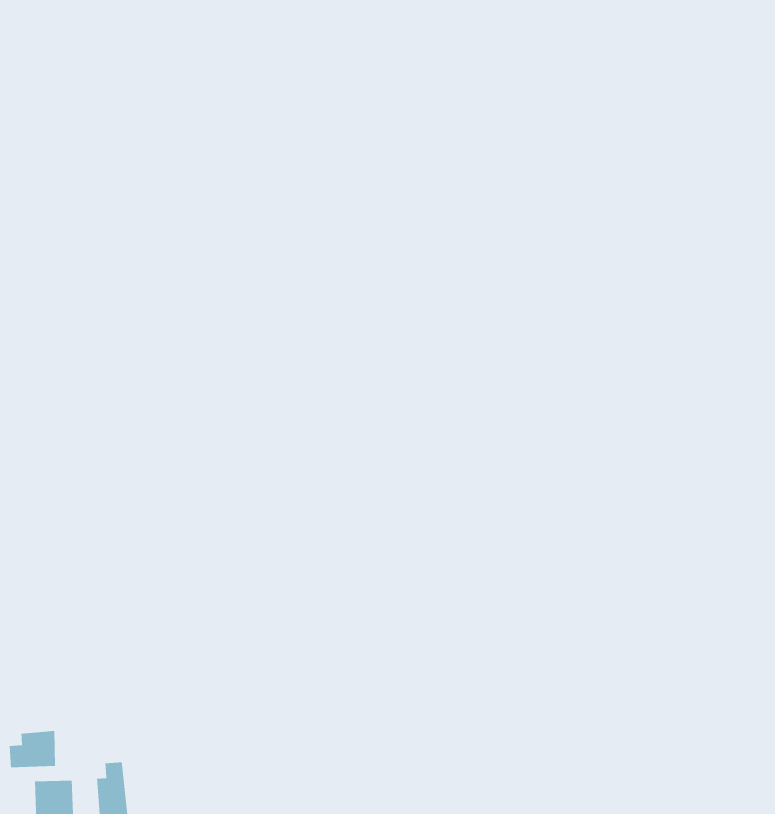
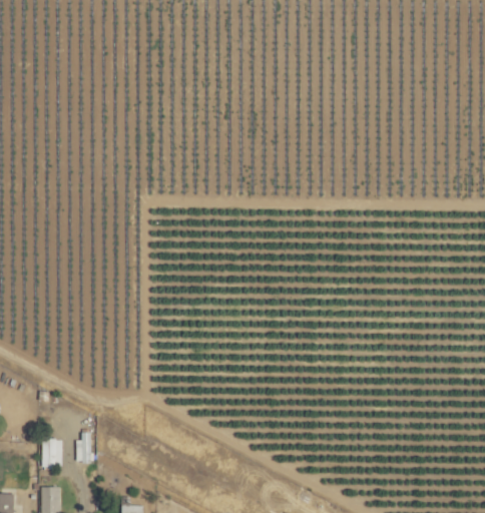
building: [9,730,56,768] -> none

